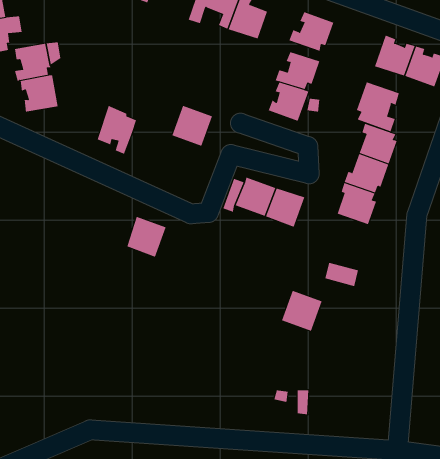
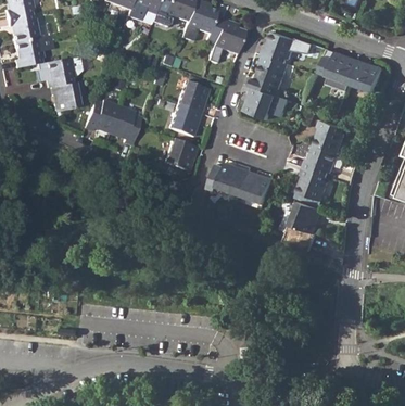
building: none -> [176,84,208,115]
building: [356,82,400,132] -> none
building: none -> [84,101,117,134]
building: [127,216,166,257] -> [164,140,195,173]
building: [281,290,323,332] -> [291,201,324,233]

